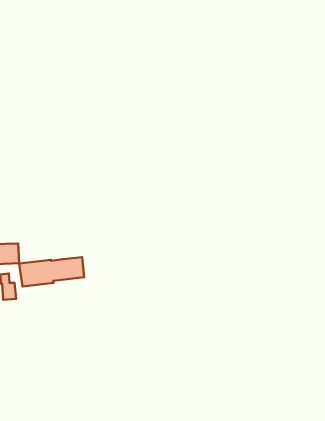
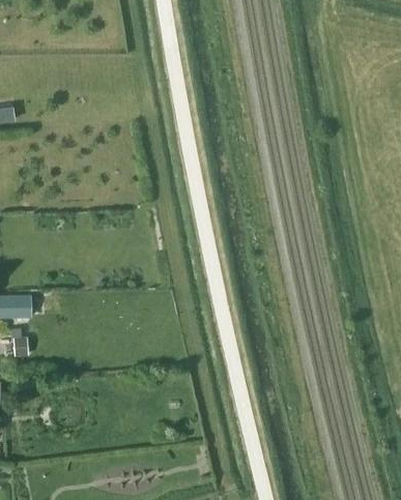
building: [19,257,84,286] -> none

